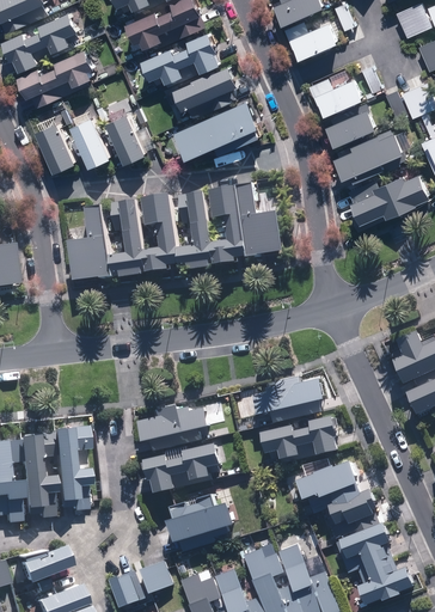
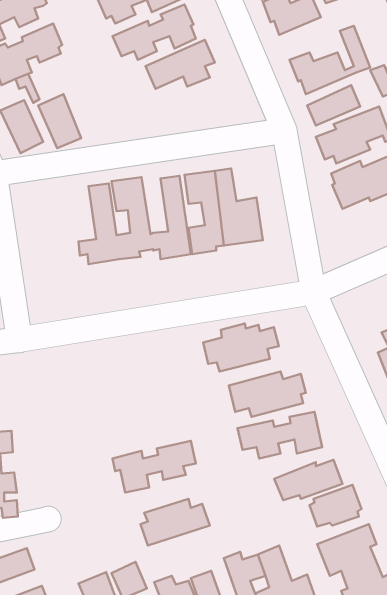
building: [166,99,258,159] -> none
building: [105,112,146,164] -> none
building: [68,204,111,284] -> none
building: [137,405,209,451] -> [203,323,279,371]
building: [45,427,87,510] -> none

